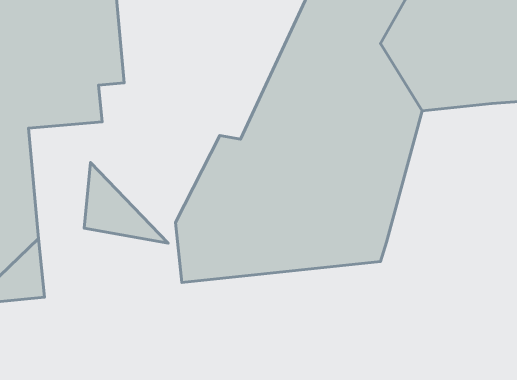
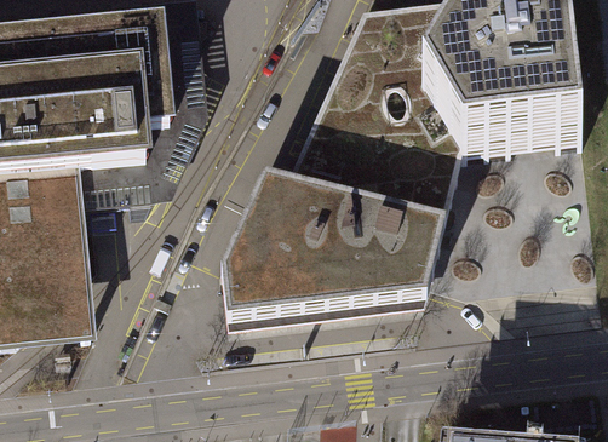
building: [84,163,168,243] -> none

